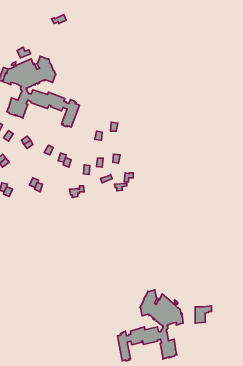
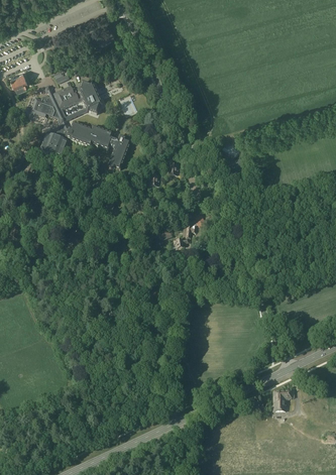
building: [118,290,183,361] -> none

